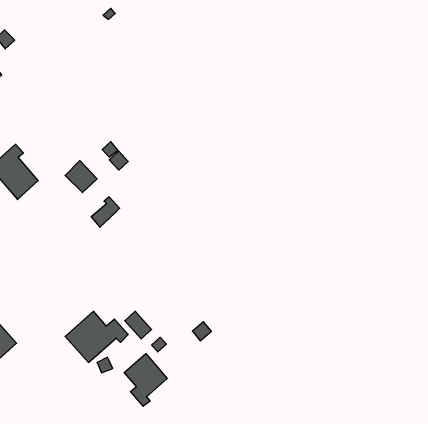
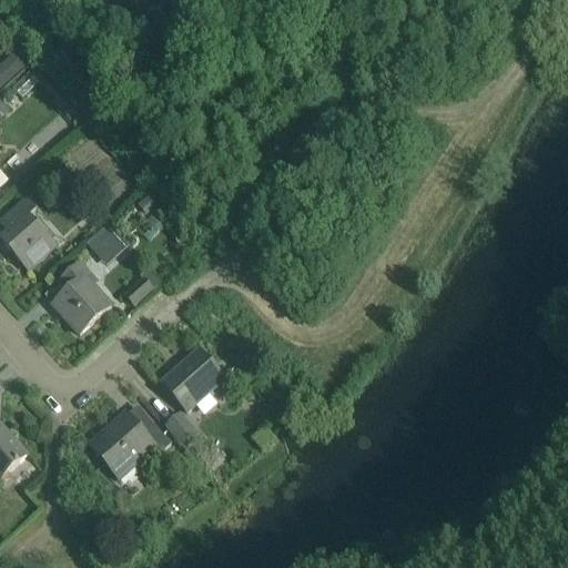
building: none -> [53,260,111,331]
building: none -> [161,346,224,409]
building: [124,354,167,406] -> none

